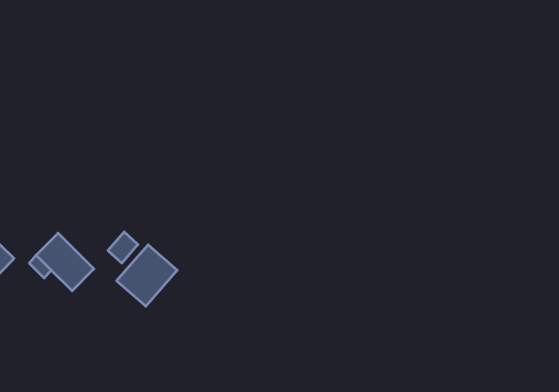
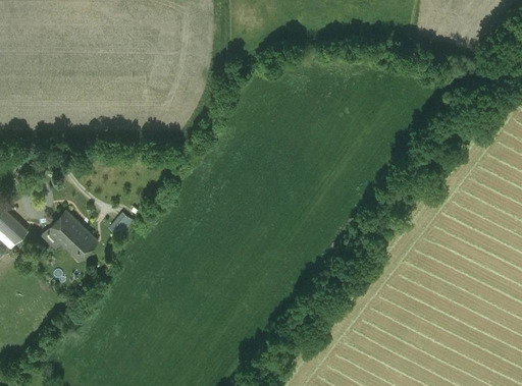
building: [117,245,177,306] -> none

